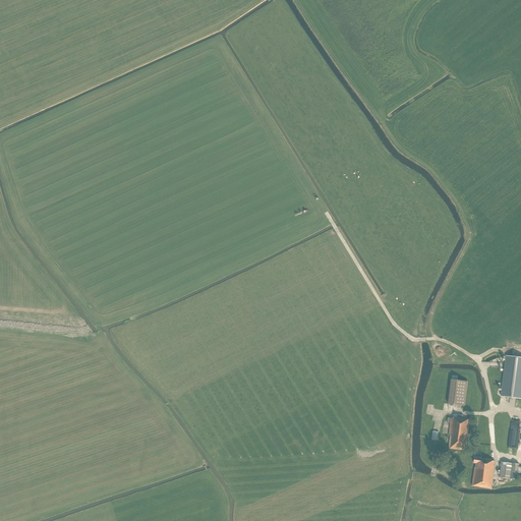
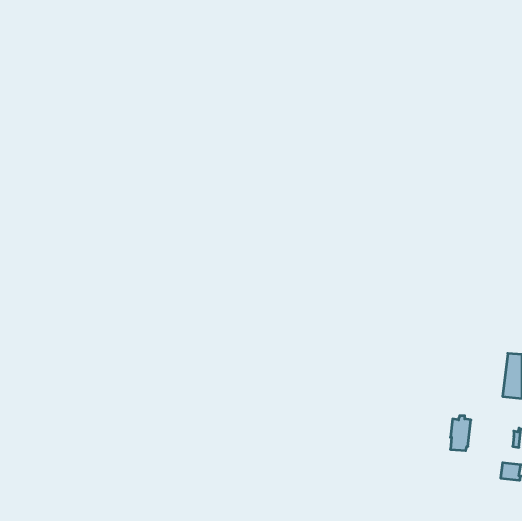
building: [448,379,468,405] -> none
building: [472,456,495,487] -> none

